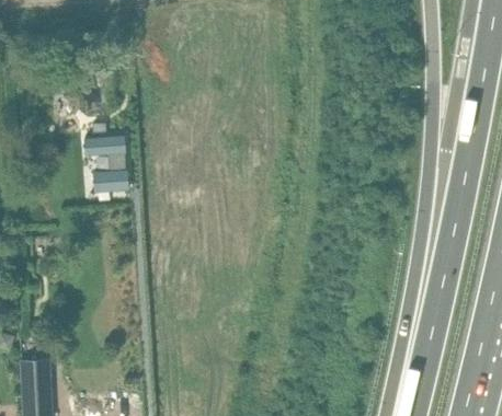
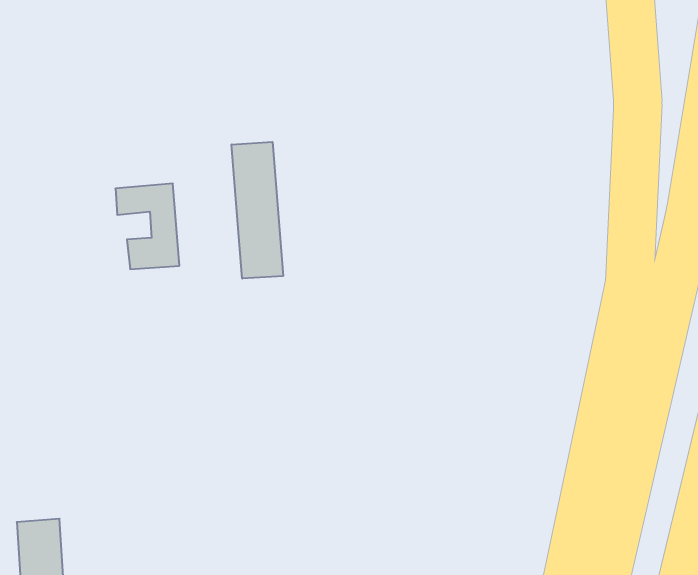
building: none -> [232,142,283,279]

